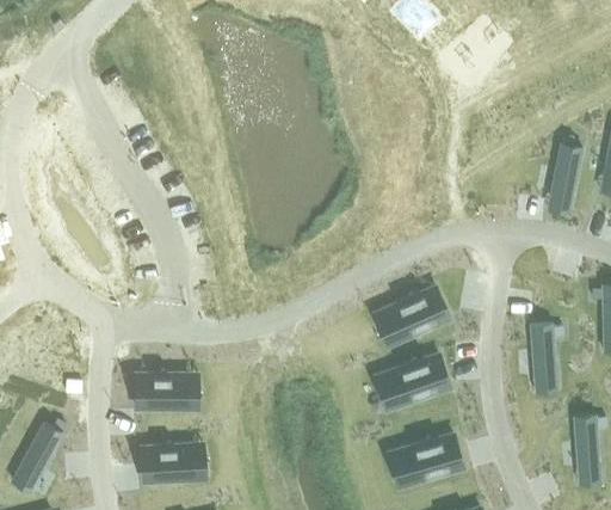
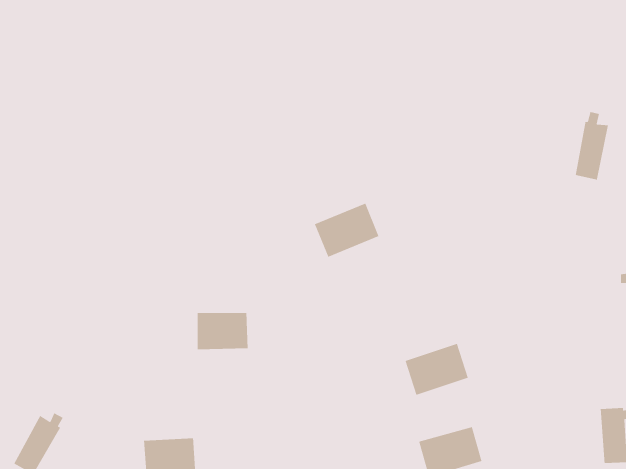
building: [384,288,446,340] -> [314,202,380,258]
building: [530,324,562,379] -> none
building: [134,374,183,410] -> [197,312,248,350]

